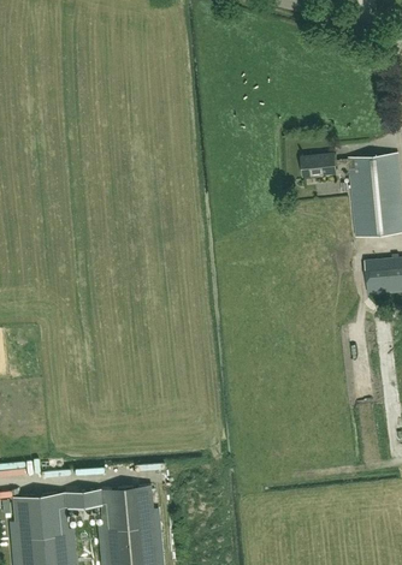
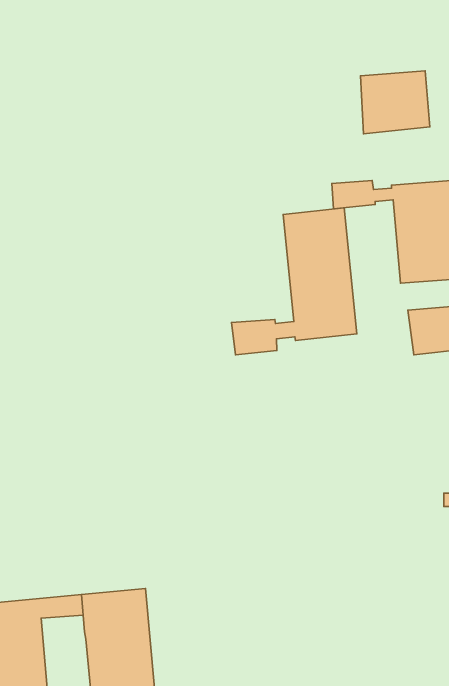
building: none -> [360,71,430,134]
building: none -> [232,208,357,355]

